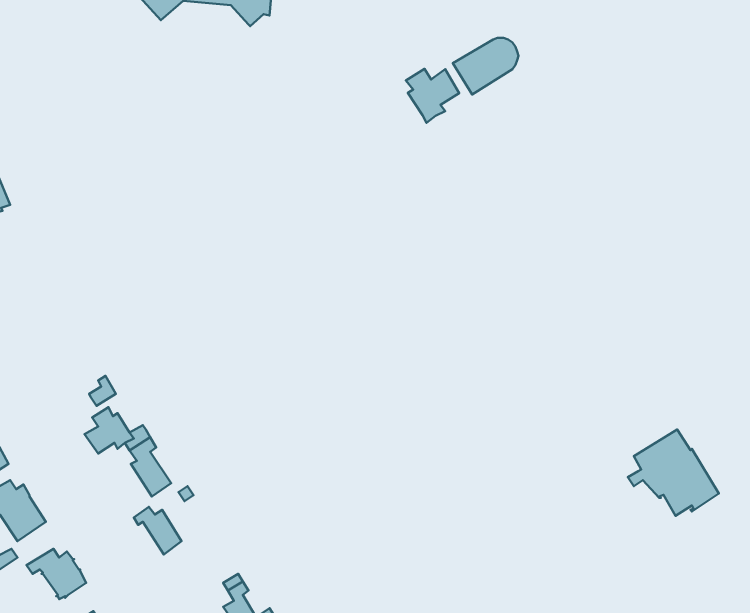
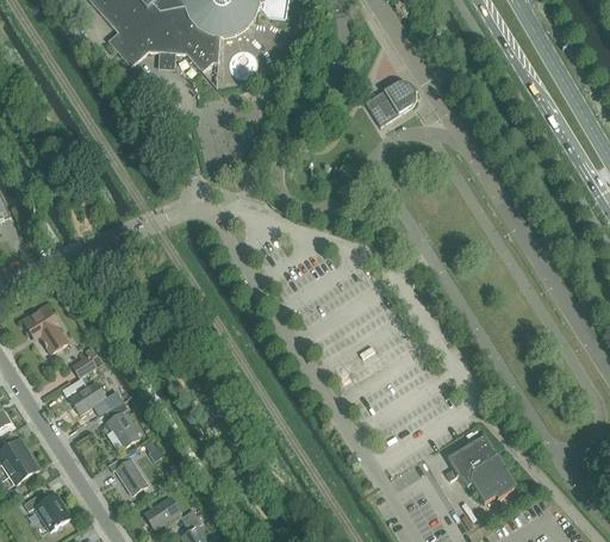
building: [406,69,459,123] -> none
building: none -> [23,305,68,353]
building: [628,429,719,516] -> [444,435,517,504]
building: none -> [144,496,180,529]

